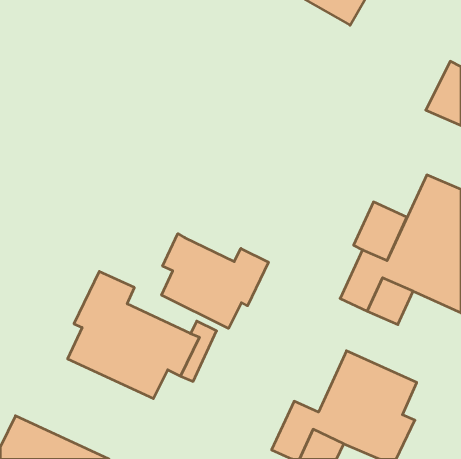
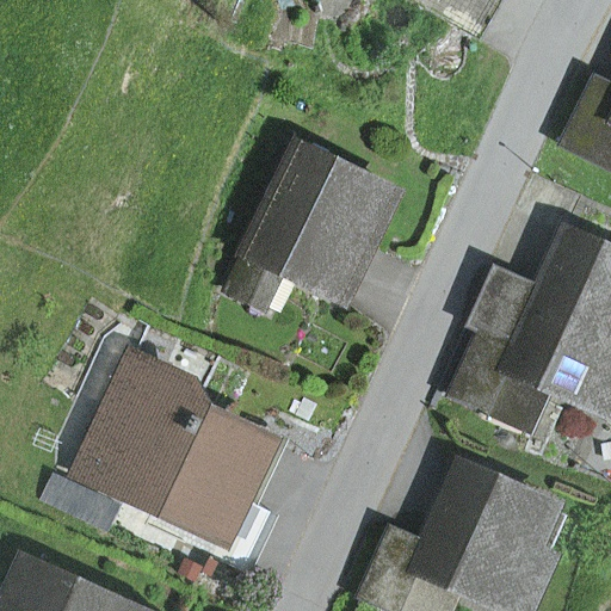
building: none -> [227,144,394,306]
building: [162,234,268,328] -> none

